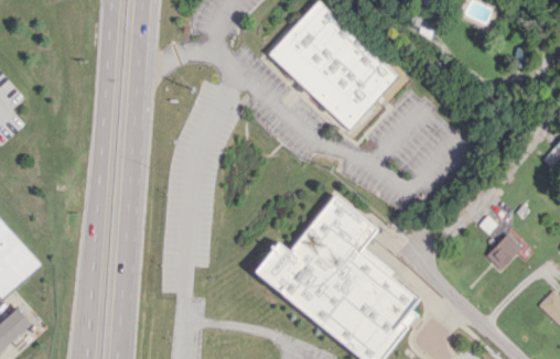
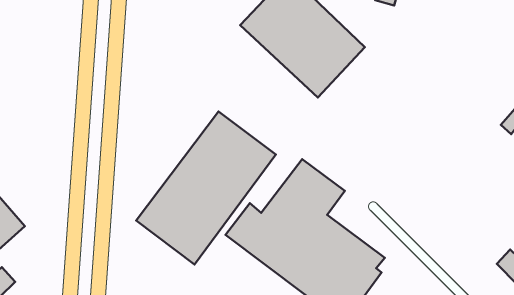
building: none -> [136,111,276,264]
building: [486,233,521,270] -> none

